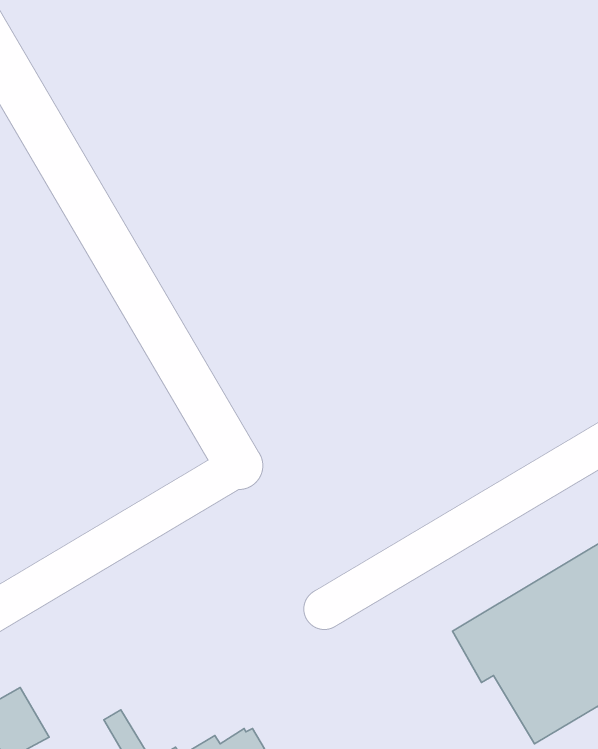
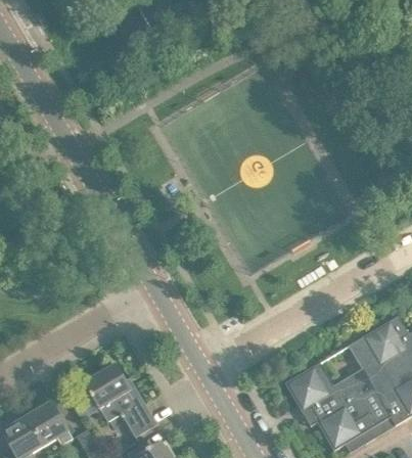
building: none -> [83,365,156,438]
building: none -> [27,403,73,447]

